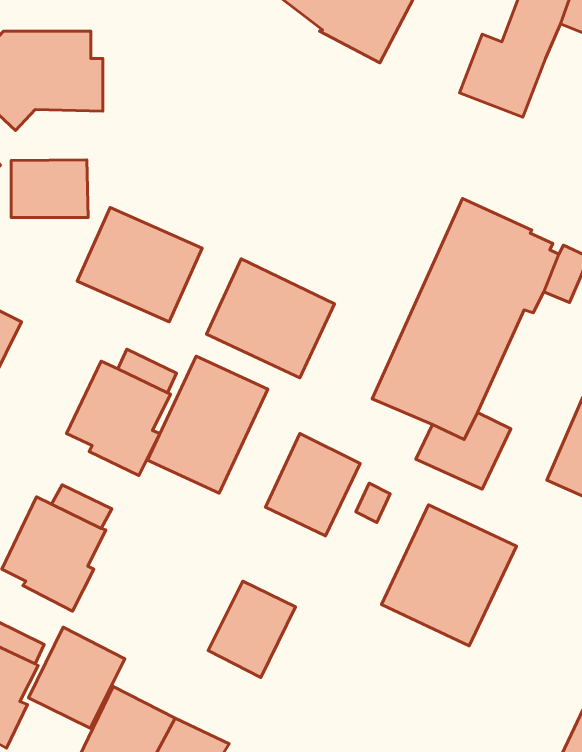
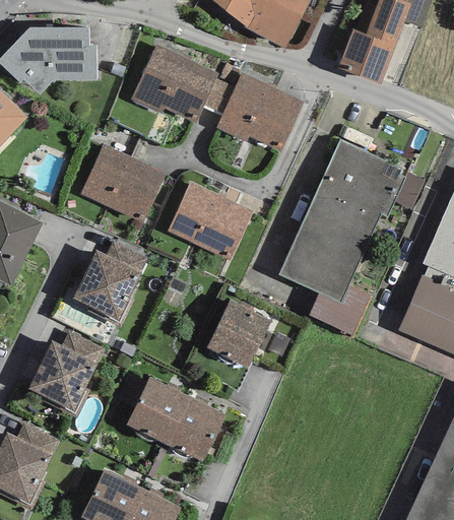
building: none -> [130,44,218,122]
building: none -> [214,72,304,150]
building: [11,160,88,217] -> none
building: [147,356,268,493] -> none
building: [381,505,517,646] -> none
building: [29,627,125,728] -> [126,376,191,444]

